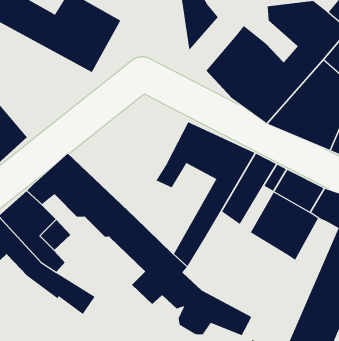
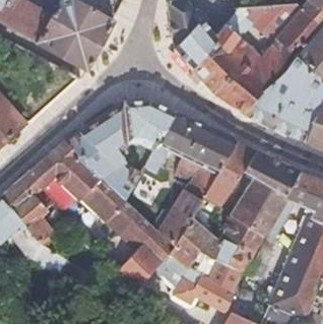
building: none -> [175,16,217,65]
building: none -> [64,100,174,199]
building: none -> [170,213,264,271]

